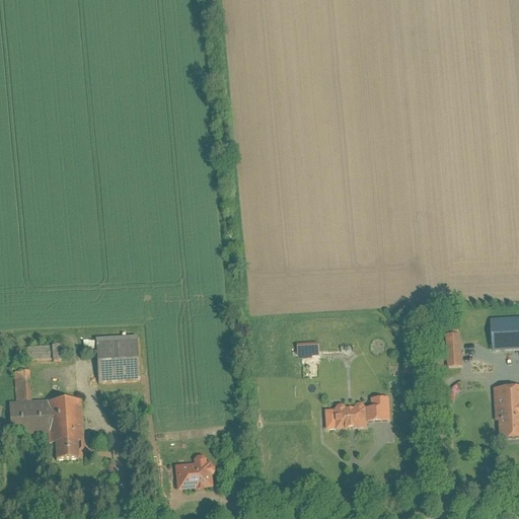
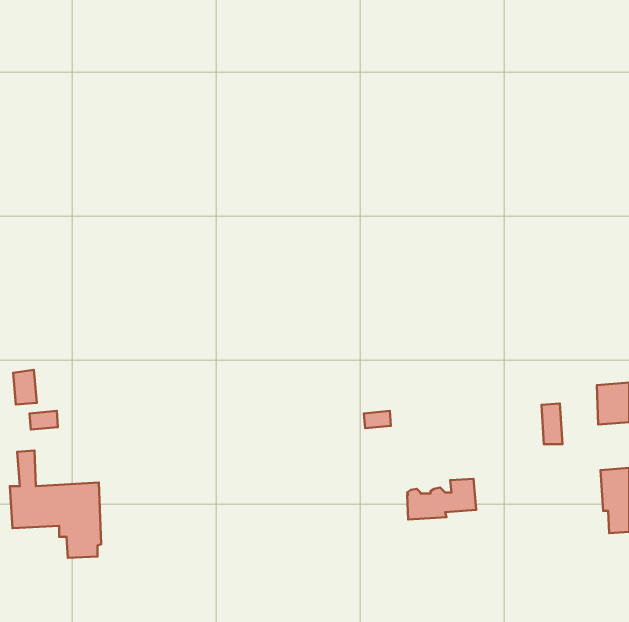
building: none -> [13,370,37,405]
building: [94,332,139,381] -> none
building: [176,453,216,490] -> none

